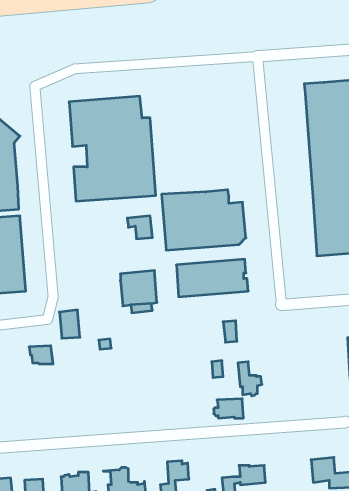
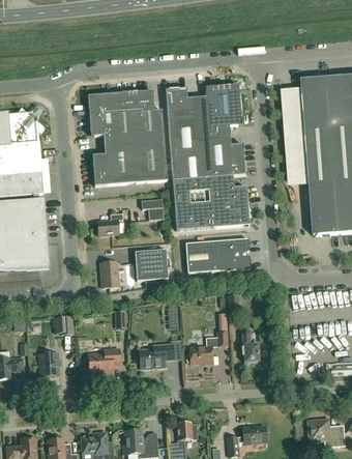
building: none -> [166,83,245,178]
building: none -> [283,87,310,185]
building: none -> [97,211,123,234]
building: [59,310,80,338] -> [100,260,119,286]
building: none -> [139,343,174,368]
building: none -> [88,347,120,372]
building: none -> [38,352,60,375]
building: [214,399,243,418] -> [186,345,213,363]

